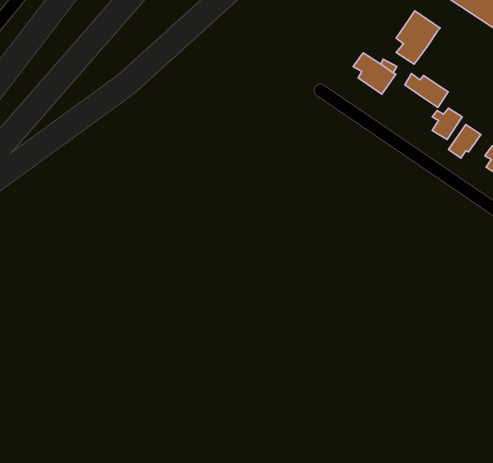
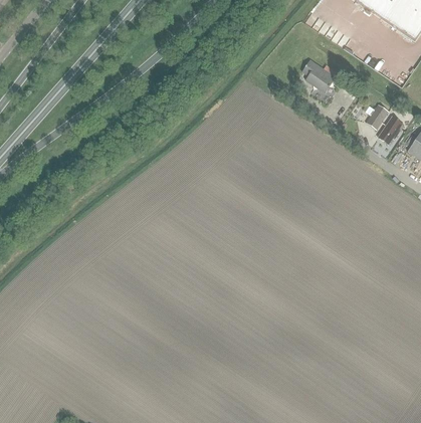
building: [396,11,440,64] -> none
building: [405,74,448,108] -> none

